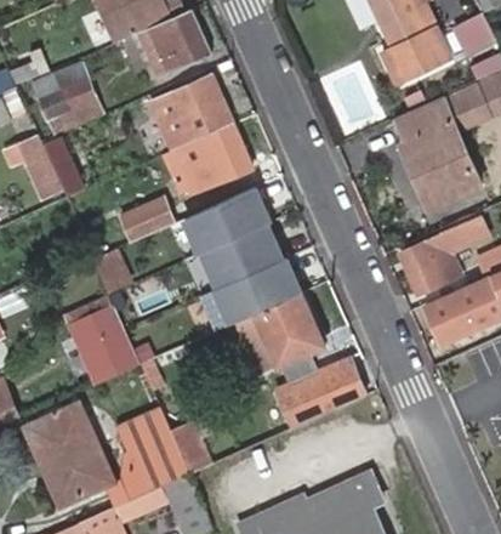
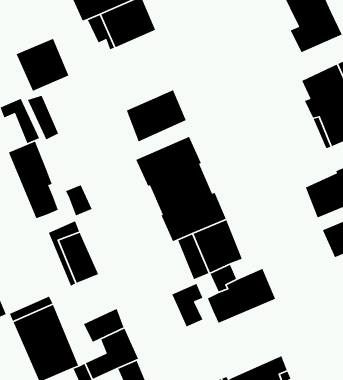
building: [152,78,229,147] -> none
building: none -> [8,141,59,219]
building: [120,200,171,243] -> none
building: [170,416,211,473] -> [171,283,203,328]

